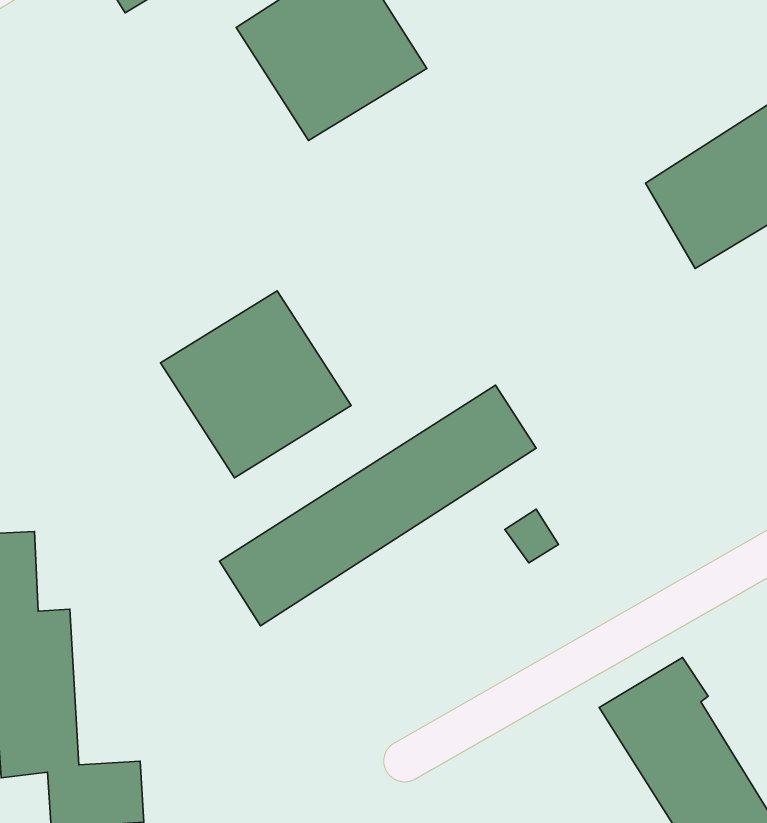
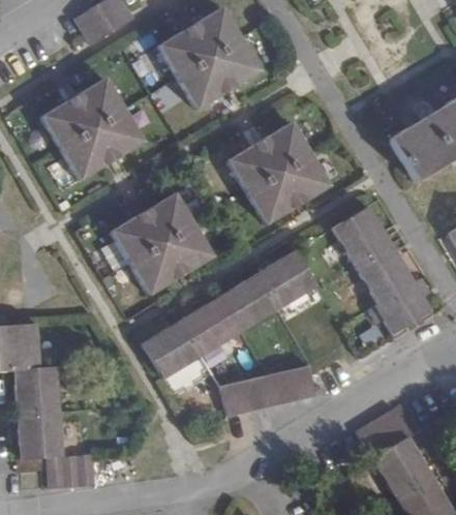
building: none -> [35,79,143,183]
building: none -> [226,119,332,224]
building: none -> [330,201,434,331]
building: none -> [221,362,316,415]

